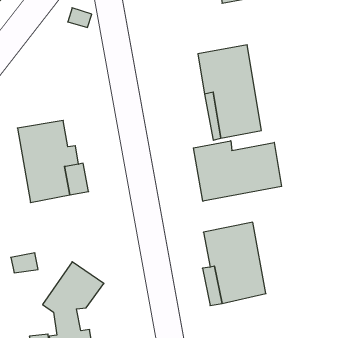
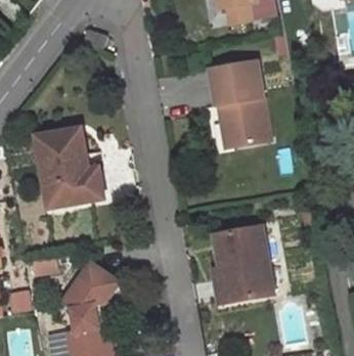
building: [193,141,282,201] -> none

